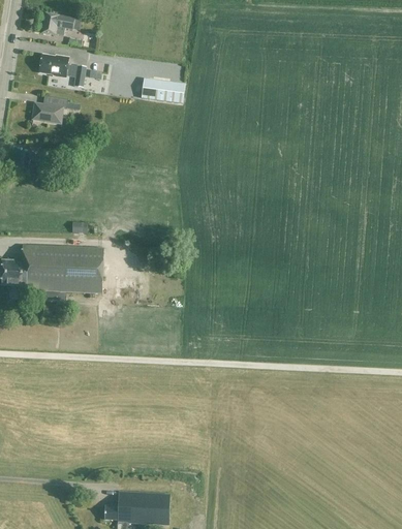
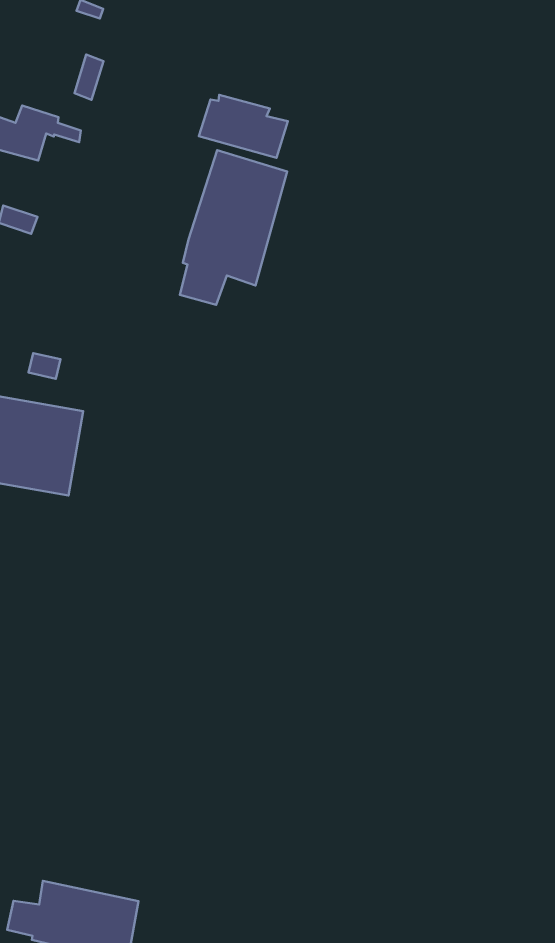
building: [39,54,68,75] -> none
building: none -> [180,150,287,305]

